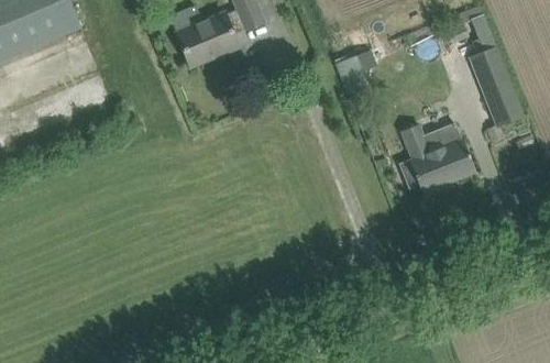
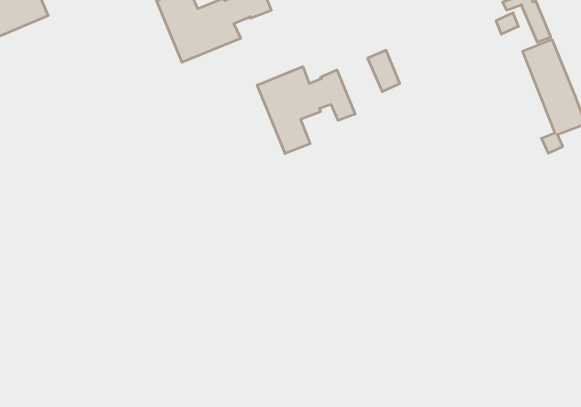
building: none -> [257,67,355,154]
building: [402,118,470,196] -> none

